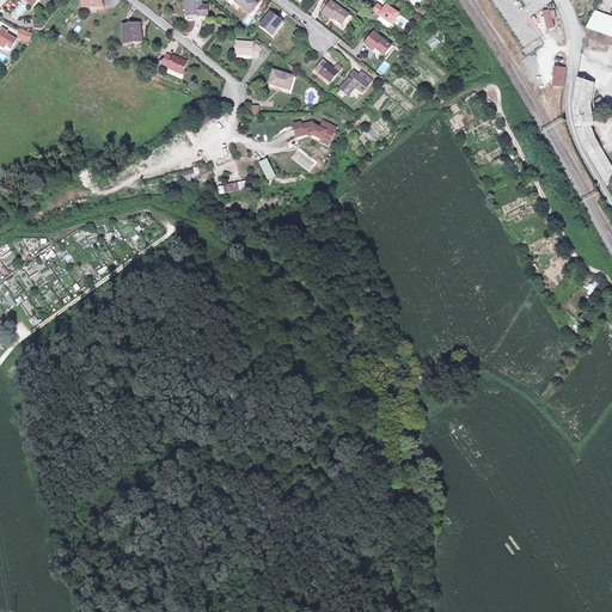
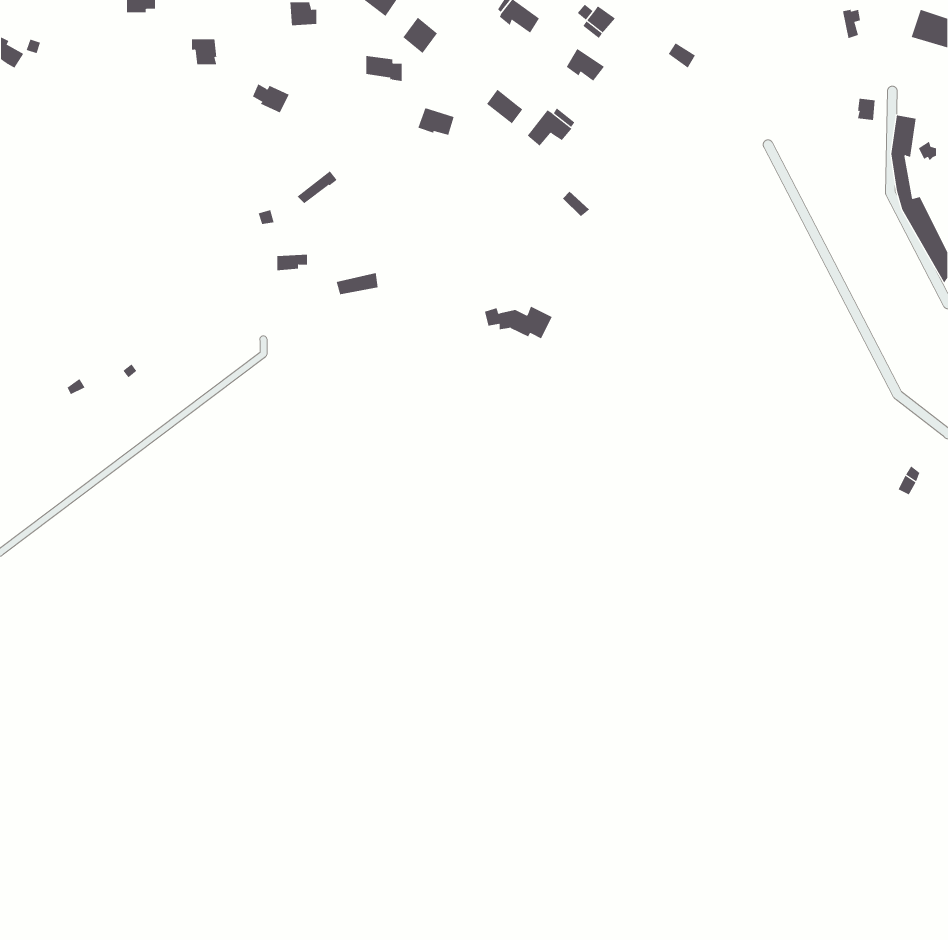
building: [290,118,335,140] -> [484,306,553,339]

